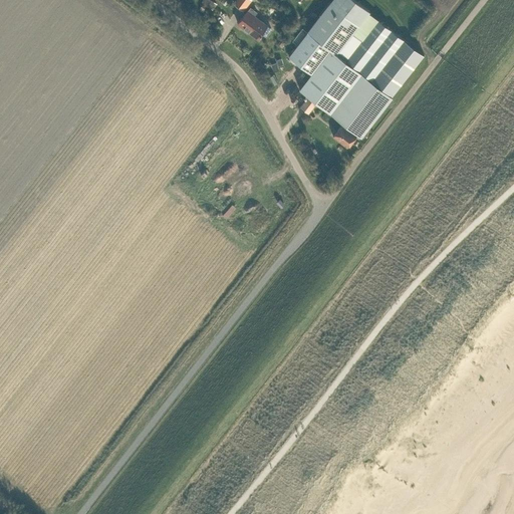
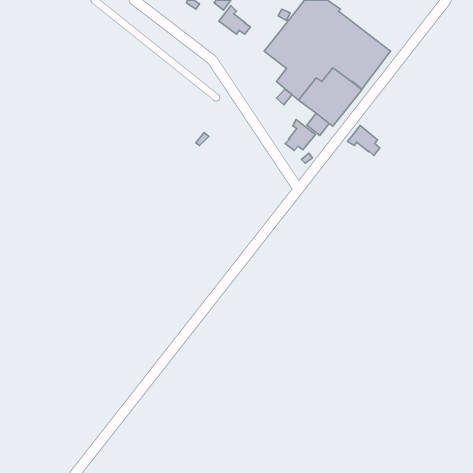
building: none -> [285,120,315,151]
building: none -> [348,125,380,155]

